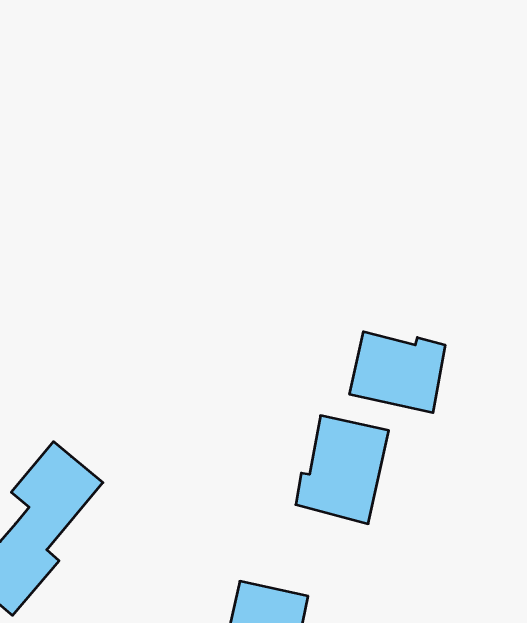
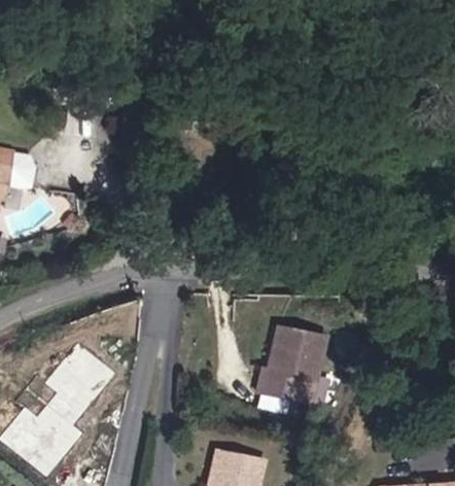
building: [350,332,445,413] -> none

